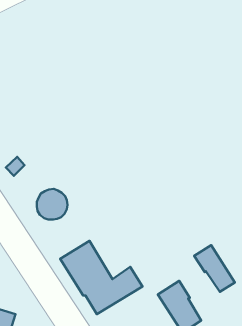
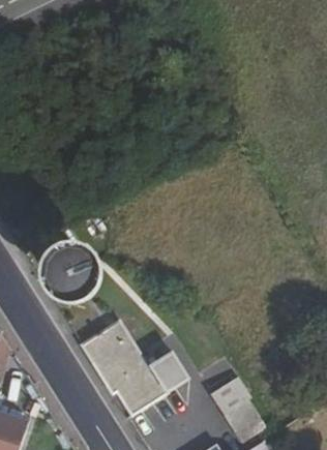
building: [194,245,235,292] -> none

